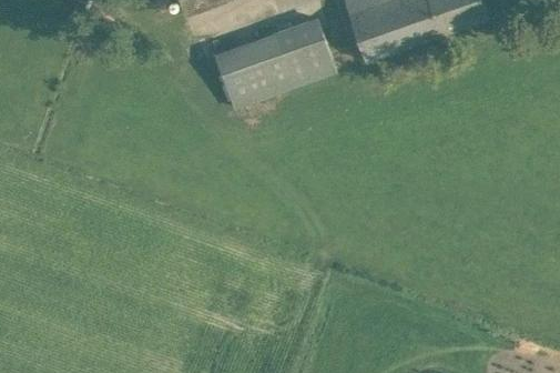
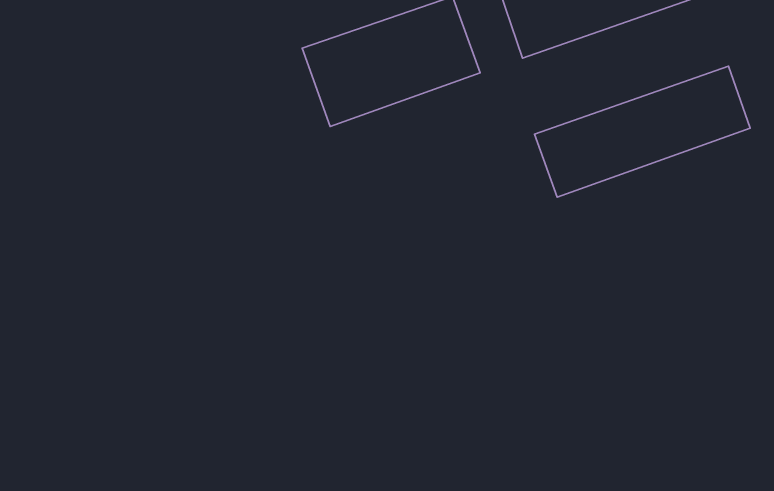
building: none -> [535,66,750,197]

